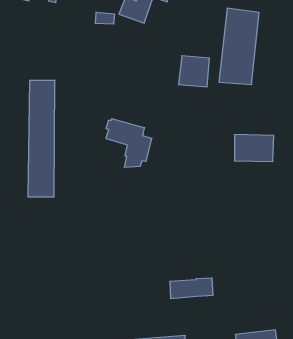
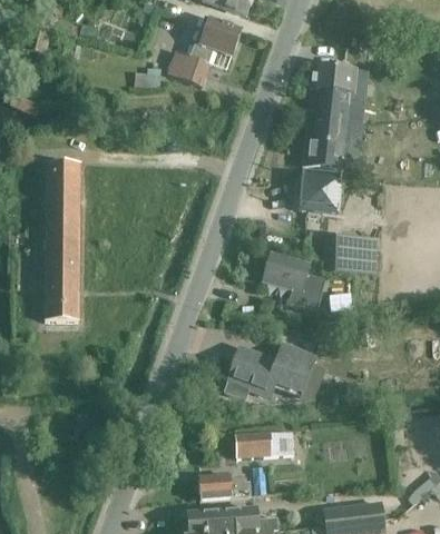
building: [178,56,210,87] -> [299,174,341,216]
building: [106,119,152,167] -> [263,251,325,317]
building: none -> [228,340,319,397]
building: none -> [199,474,252,501]

